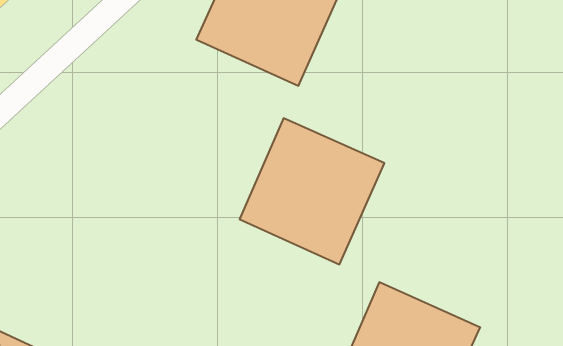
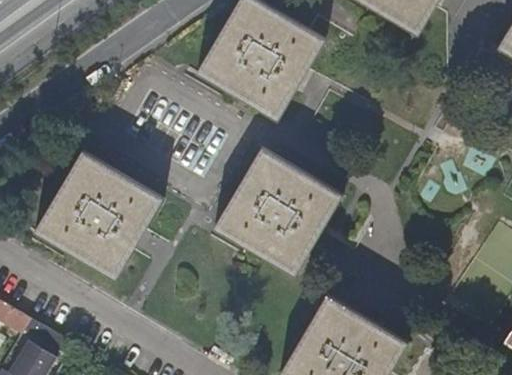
building: none -> [36,151,164,280]

